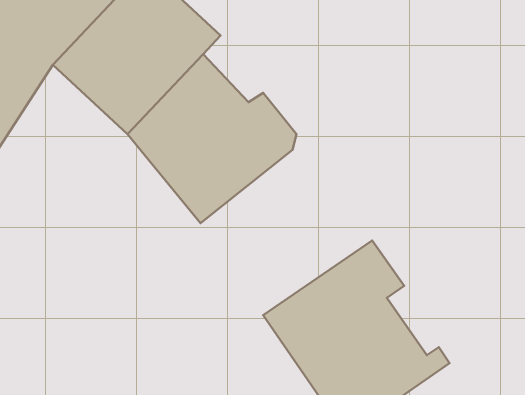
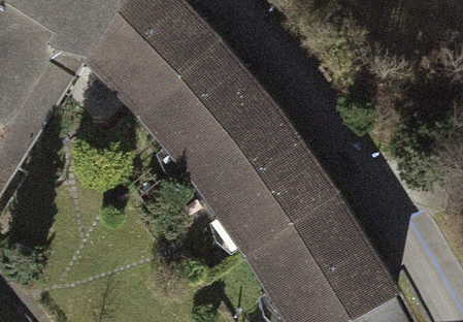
building: none -> [200,125,333,253]

